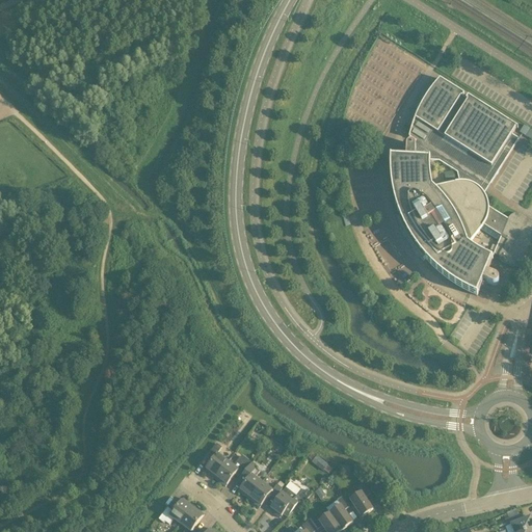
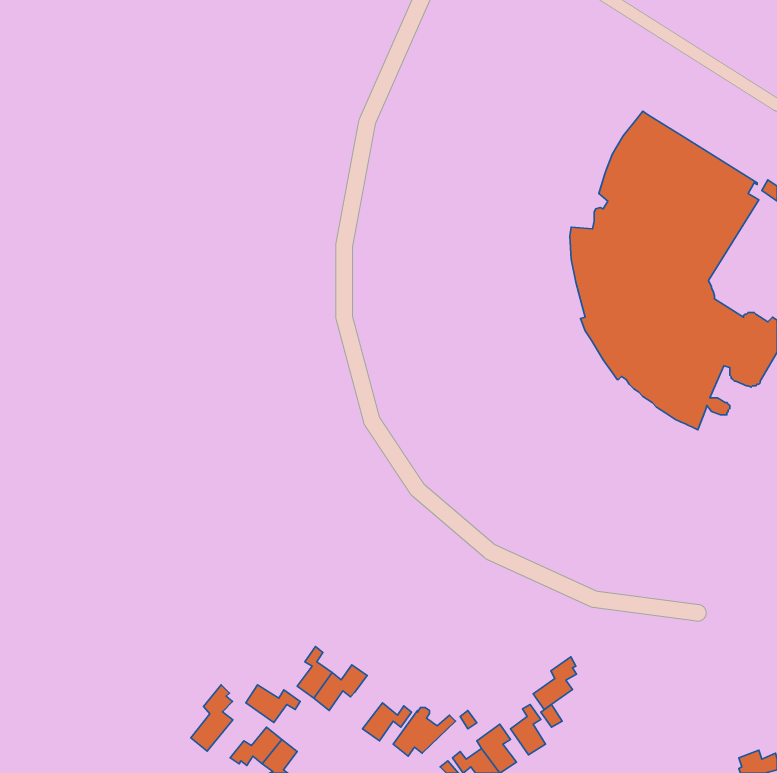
building: none -> [533,657,576,710]
building: [237,459,261,497] -> none
building: none -> [191,685,233,751]
building: none -> [246,685,300,723]

